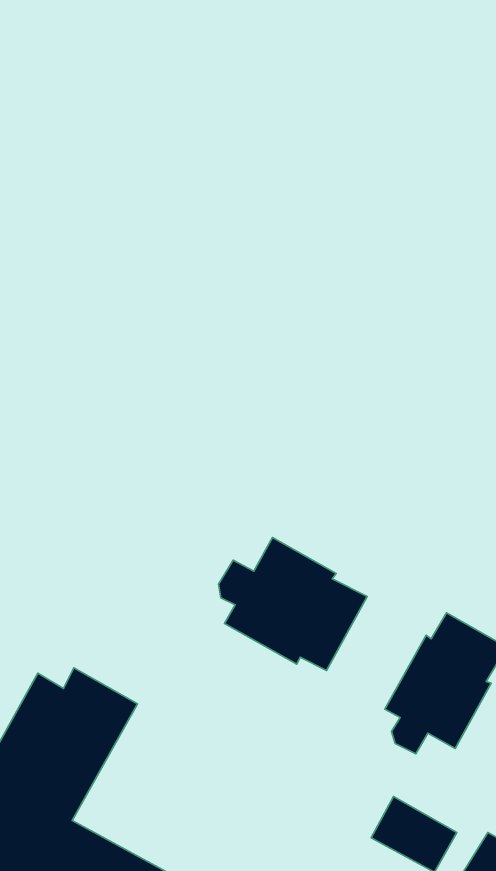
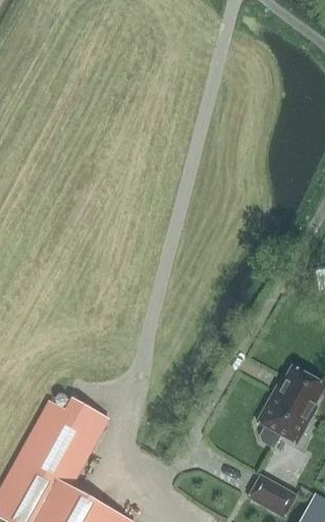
building: [218,538,367,671] -> none

